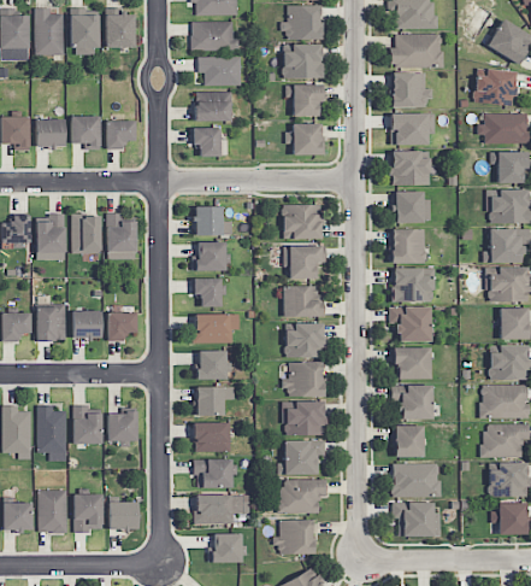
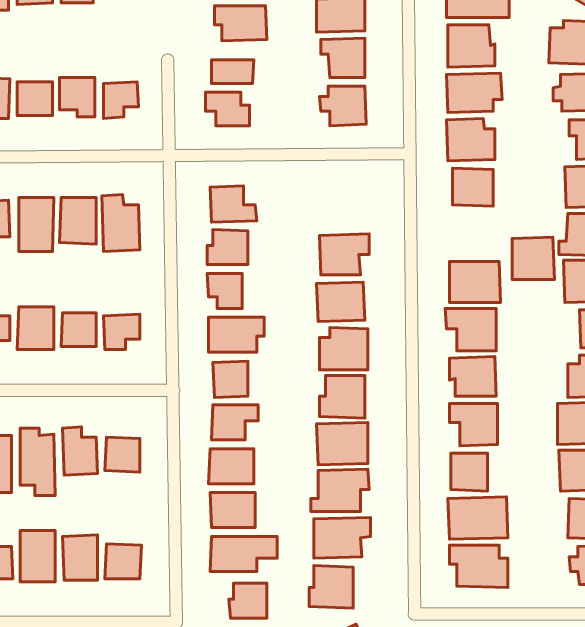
building: [283,204,323,239] -> none
building: [391,228,426,263] -> [512,237,554,279]

